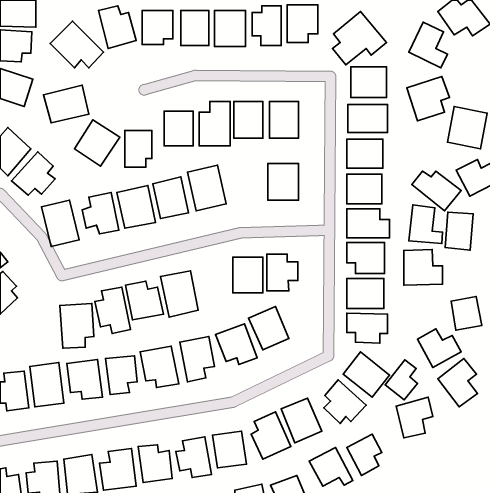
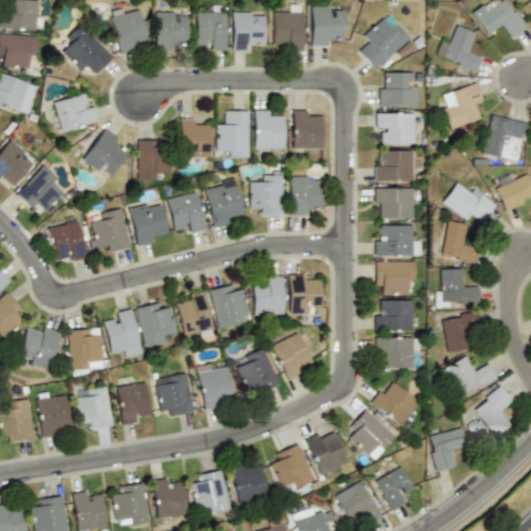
building: none -> [252,174,284,215]
building: [445,212,473,250] -> none
building: none -> [212,285,251,329]
building: [451,296,482,330] -> [443,315,476,352]
building: none -> [22,326,61,369]
building: [385,360,418,400] -> none

